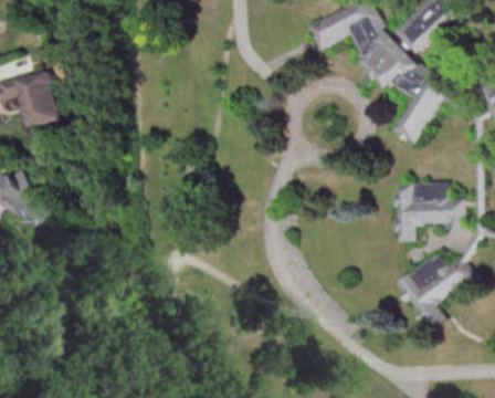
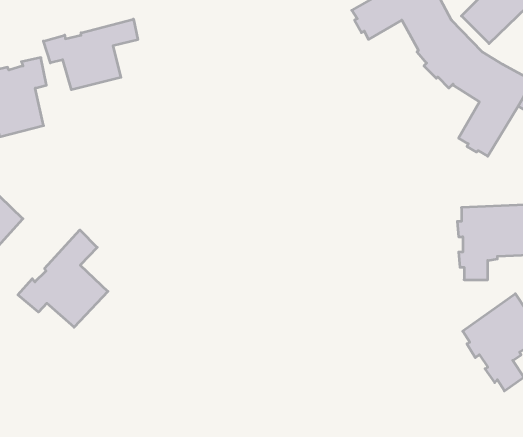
building: none -> [43,19,138,90]
building: none -> [18,230,108,327]

